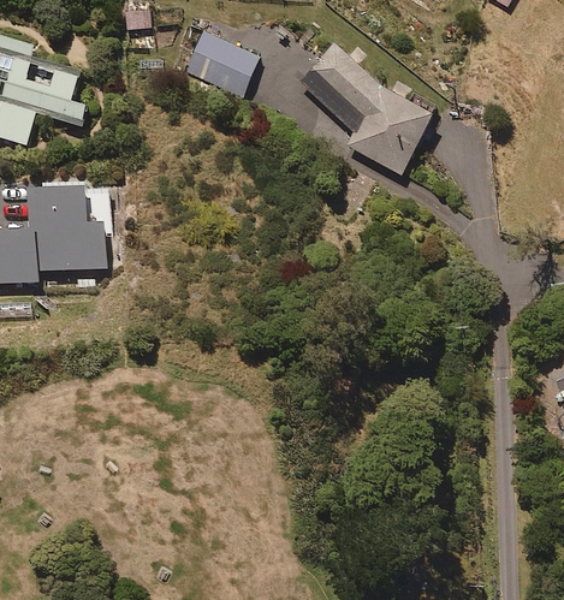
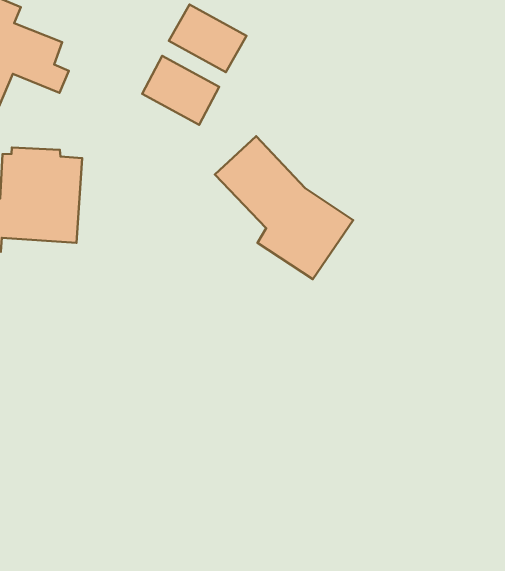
building: [298,44,433,176] -> [215,136,353,279]
building: none -> [142,56,219,125]

